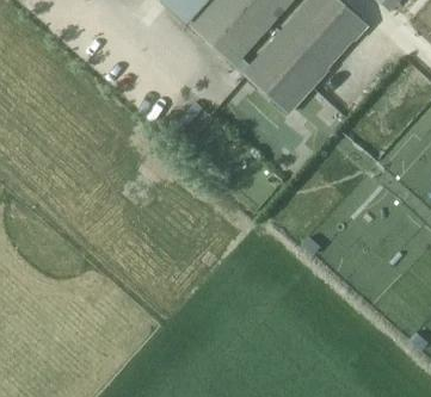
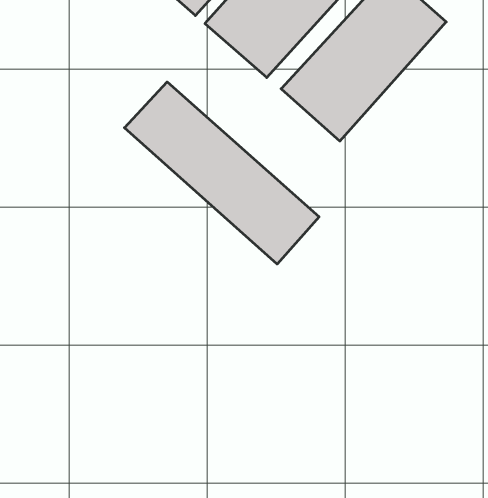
building: none -> [124,82,319,264]

